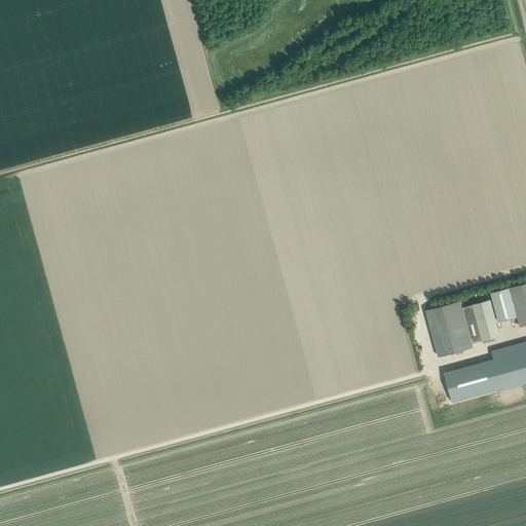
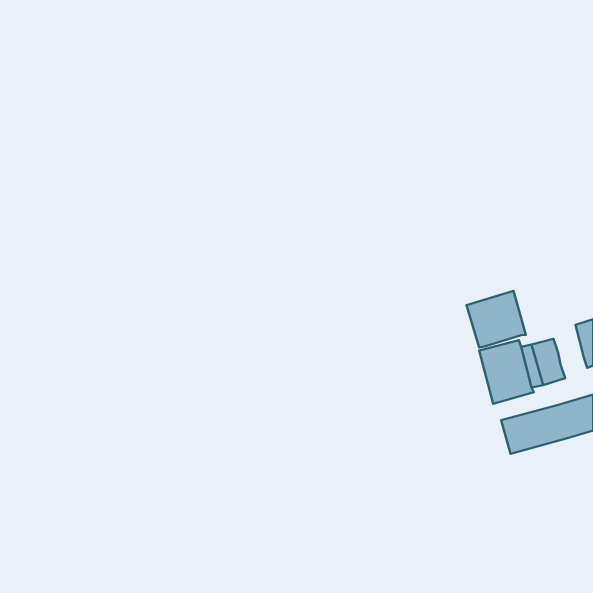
building: none -> [467,291,526,348]
building: [490,288,517,323] -> none

